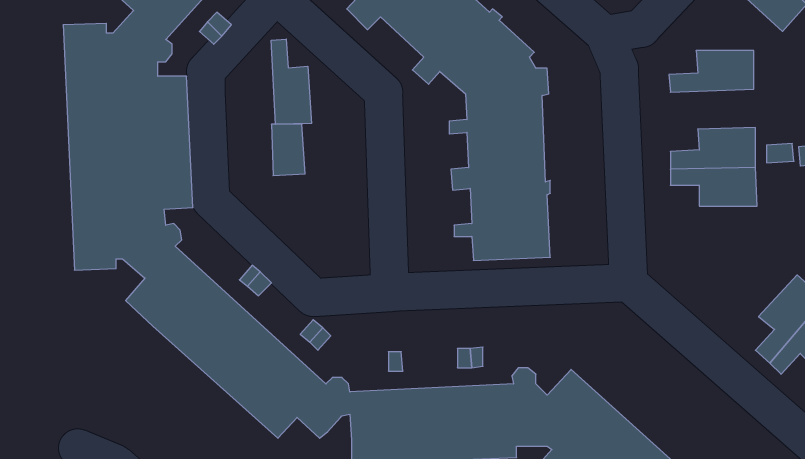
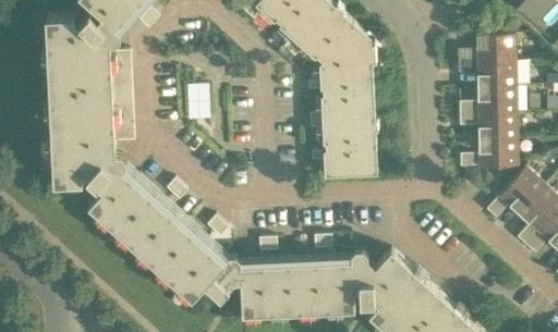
building: [271,39,312,124] -> none
building: none -> [459,63,517,90]
building: none -> [460,143,518,170]
building: none -> [486,171,545,221]

